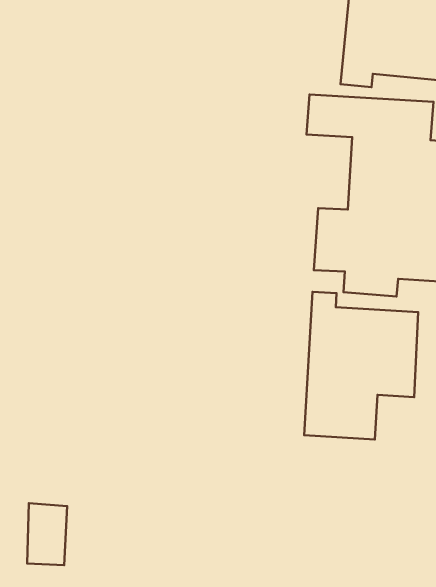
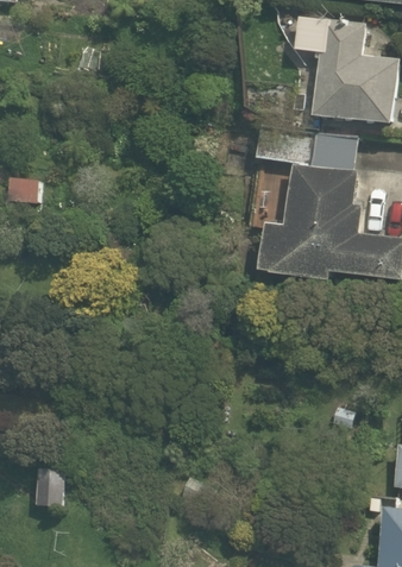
building: [304,292,418,440] -> none

